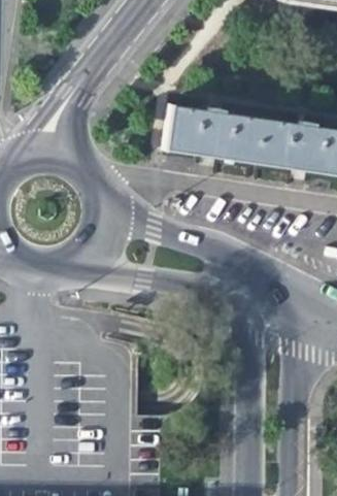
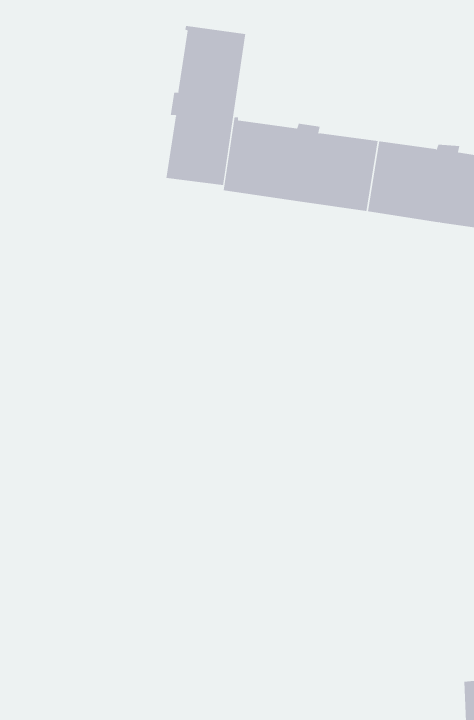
building: none -> [166,25,246,186]

